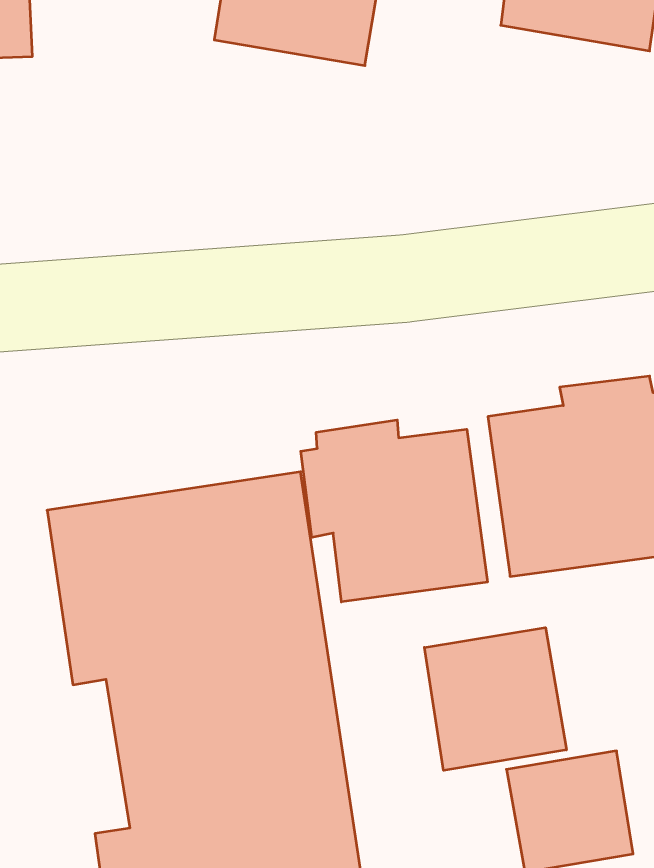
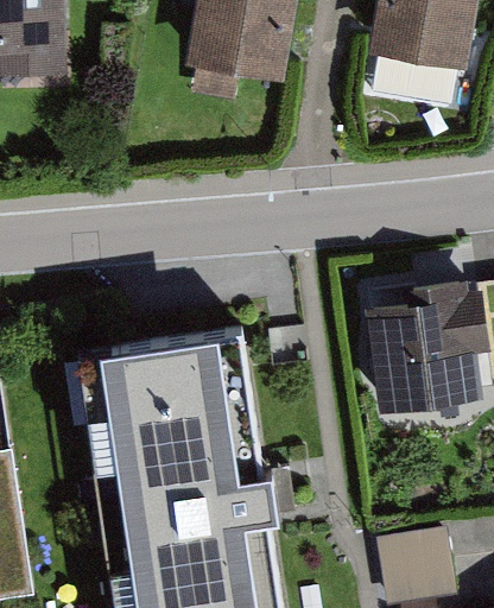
building: [301,420,487,602] -> none
building: [424,628,566,770] -> none

